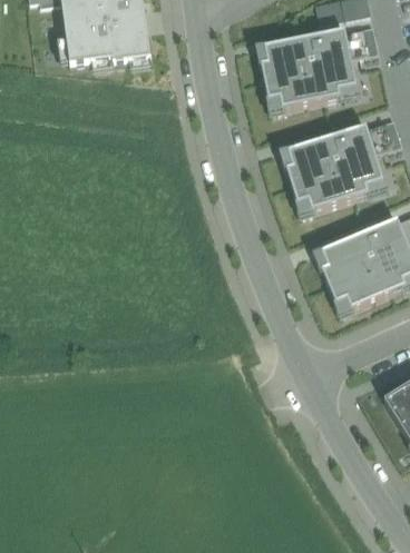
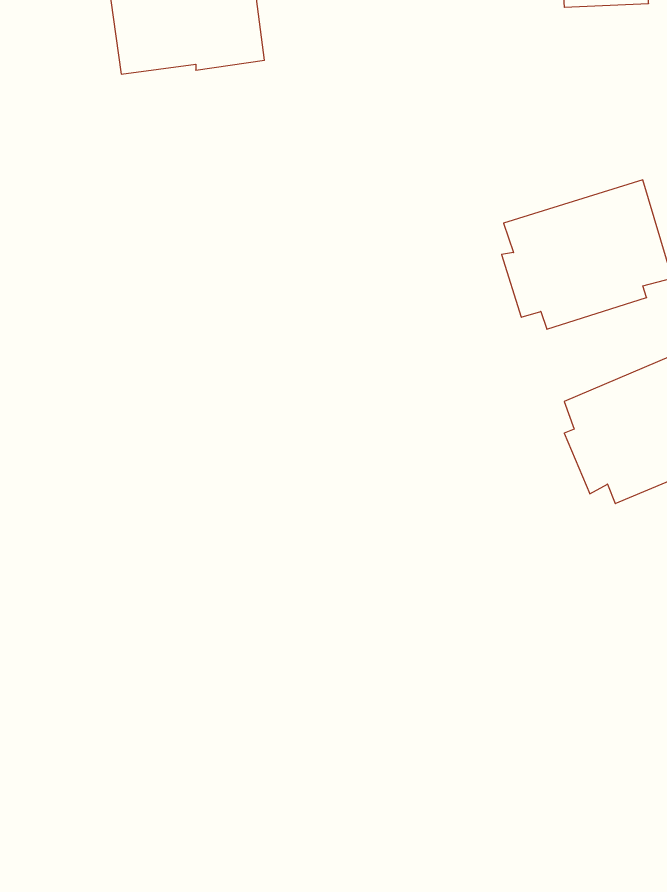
building: [261,28,355,107] -> none

